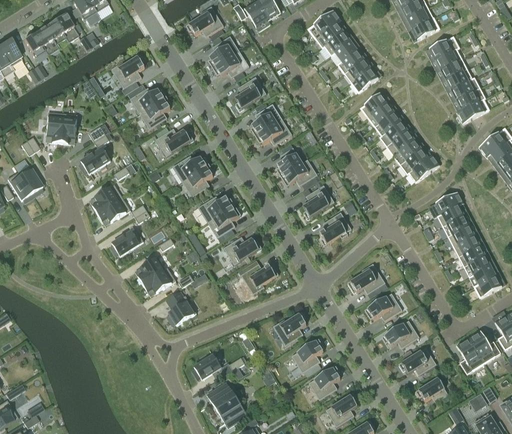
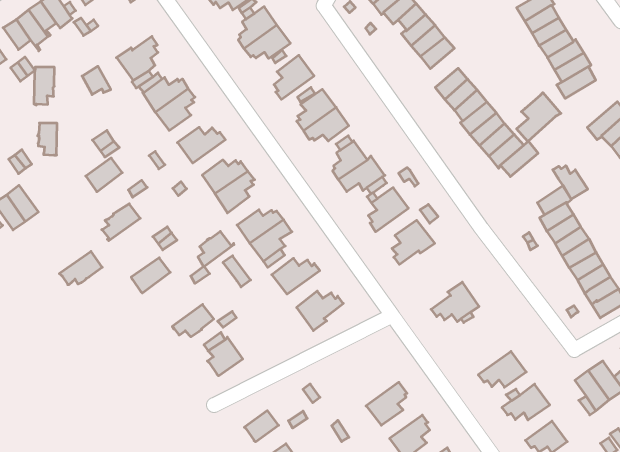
building: [59,113,77,143] -> [34,67,54,105]
building: none -> [517,93,561,142]
building: none -> [553,166,588,199]
building: [96,196,130,221] -> [59,251,102,285]
building: [138,256,167,283] -> [198,231,234,267]
building: [364,292,402,320] -> none
building: [273,310,306,344] -> none

